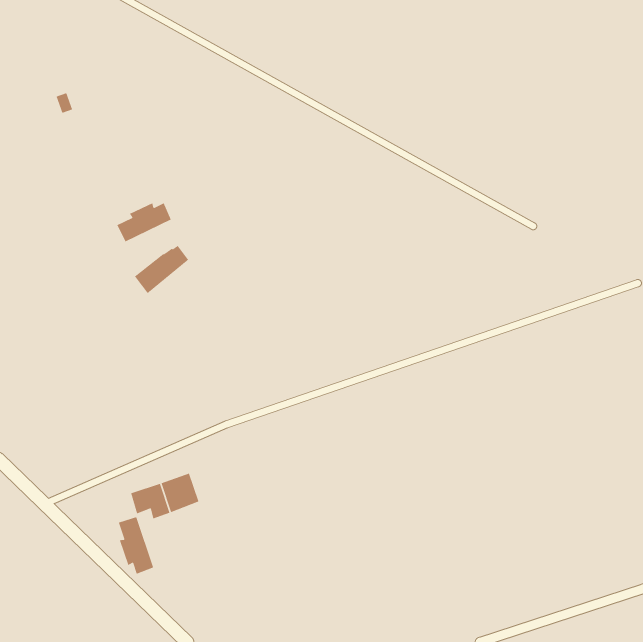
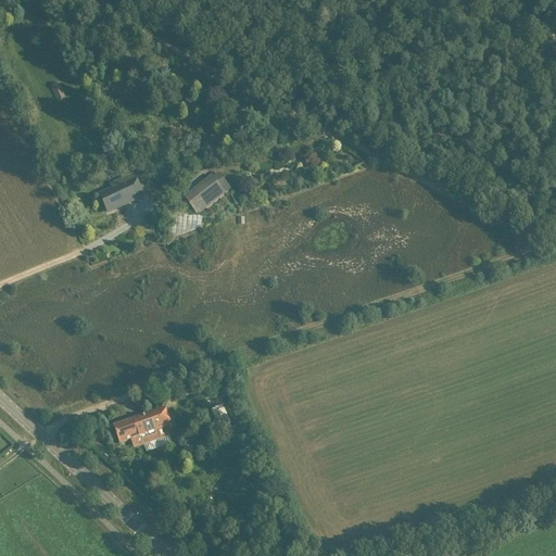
building: [132,245,189,294] -> [184,167,232,210]
building: [118,516,154,575] -> none

